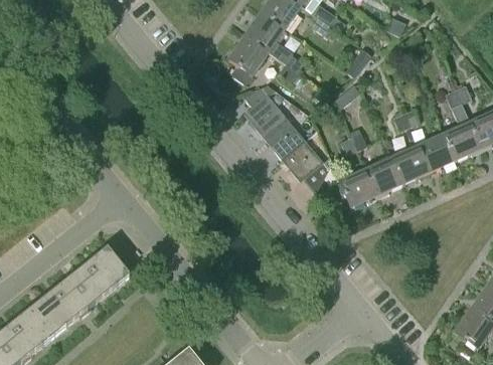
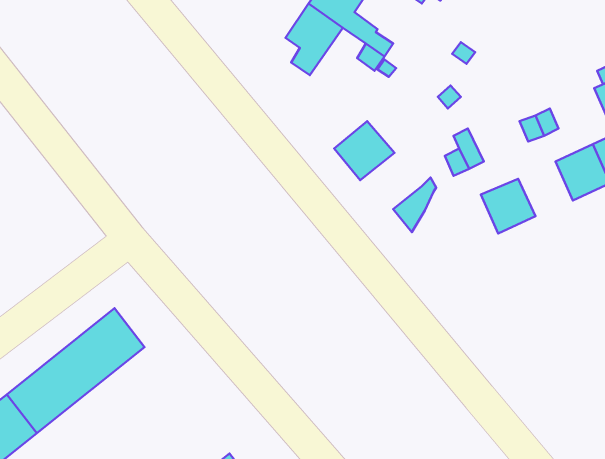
building: [243,86,286,136] -> none
building: [281,139,324,181] -> none
building: [391,145,430,183] -> none
building: [326,168,377,210] -> none

